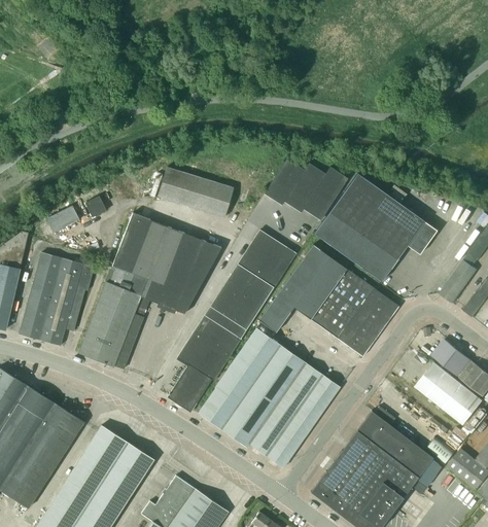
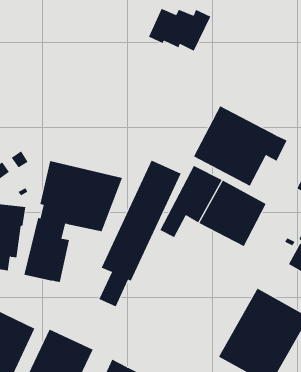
building: [265,160,348,220] -> [148,8,211,52]
building: [156,167,233,218] -> none
building: [197,328,340,468] -> none

